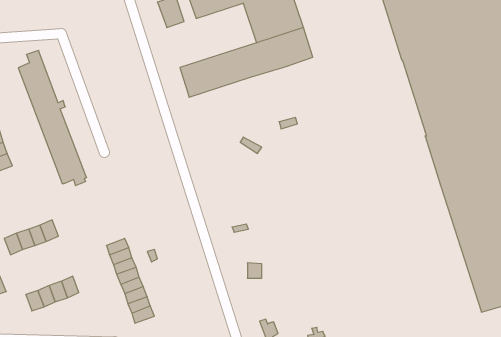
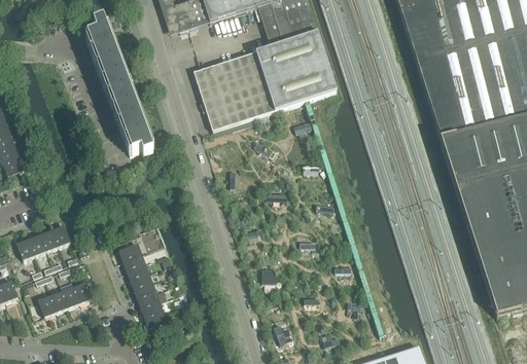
building: [18,50,87,186] -> [85,20,154,155]
building: none -> [201,61,337,131]

